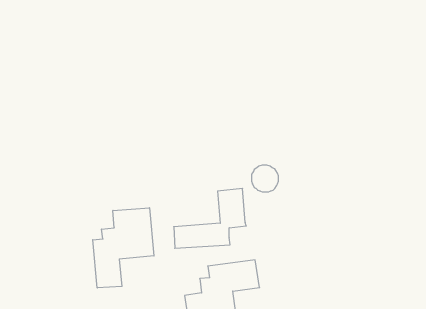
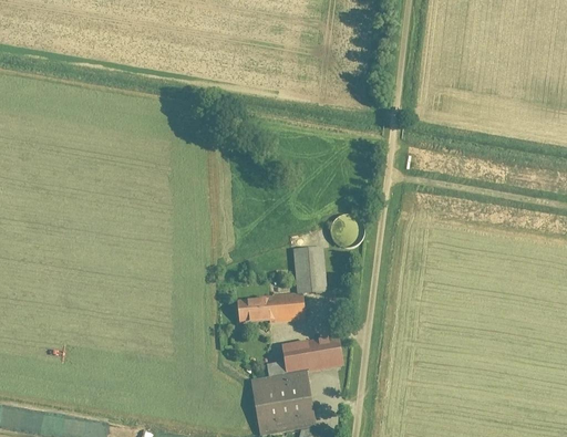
building: [93,208,154,288] -> none

